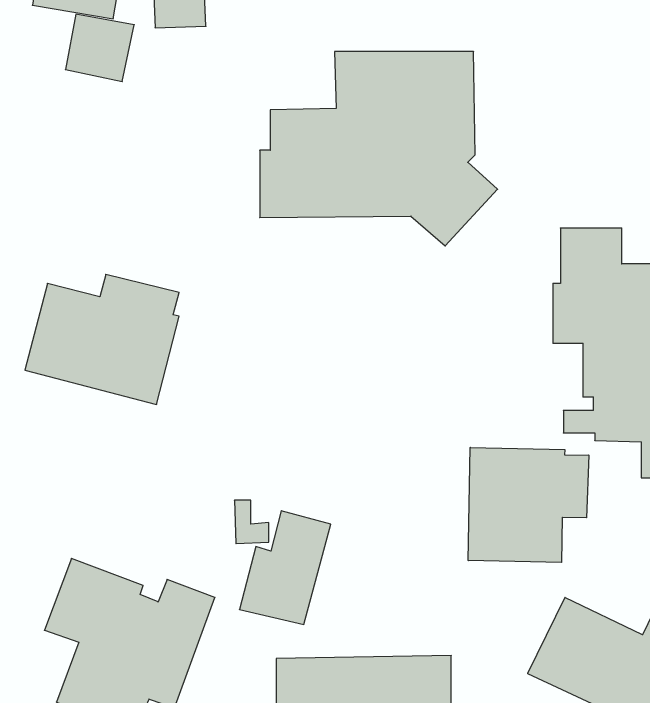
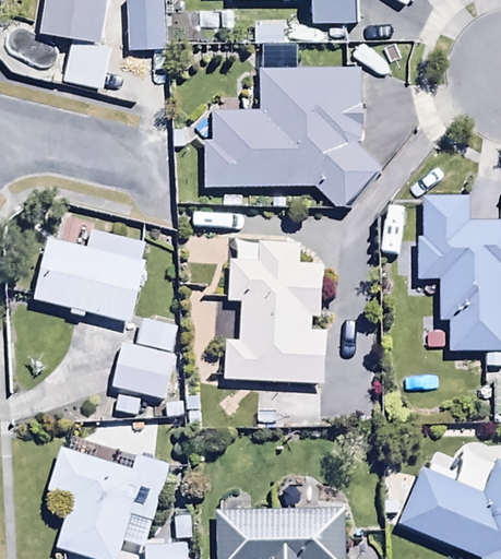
building: none -> [223,241,327,383]
building: [468,447,589,562] -> none
building: [239,511,331,624] -> [110,316,177,399]

